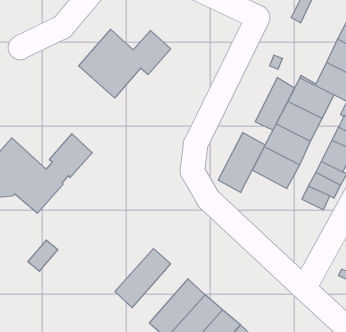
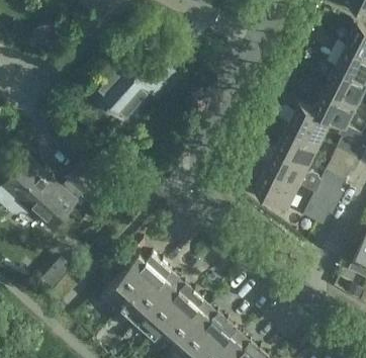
building: [255,77,294,130] -> none
building: [218,132,265,193] -> none
building: none -> [108,249,162,304]
building: none -> [142,278,194,334]

